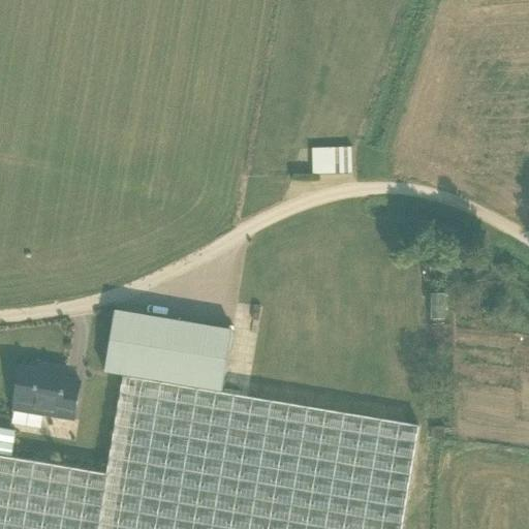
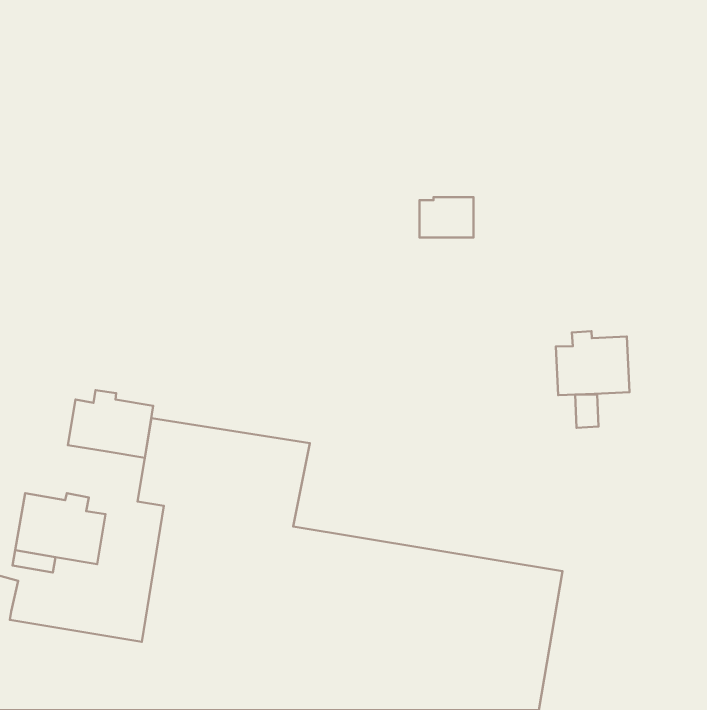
building: none -> [556,331,630,395]
building: none -> [68,390,153,458]

